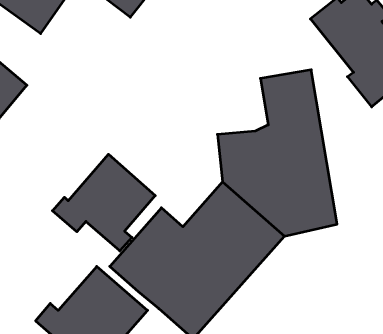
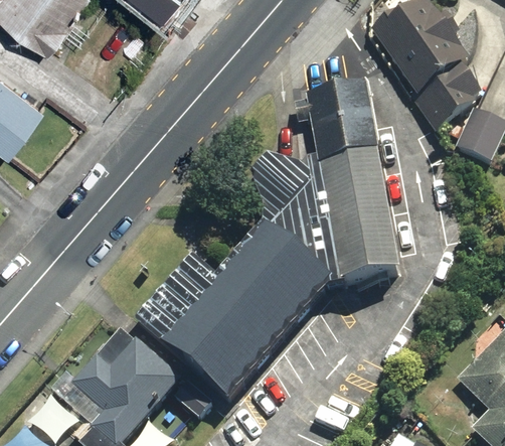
building: [52,154,155,251] -> none

